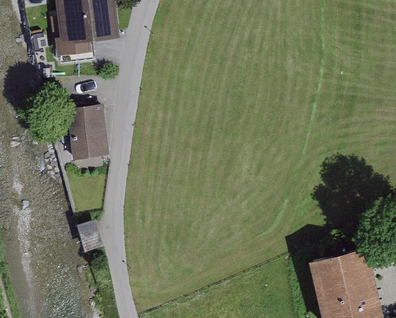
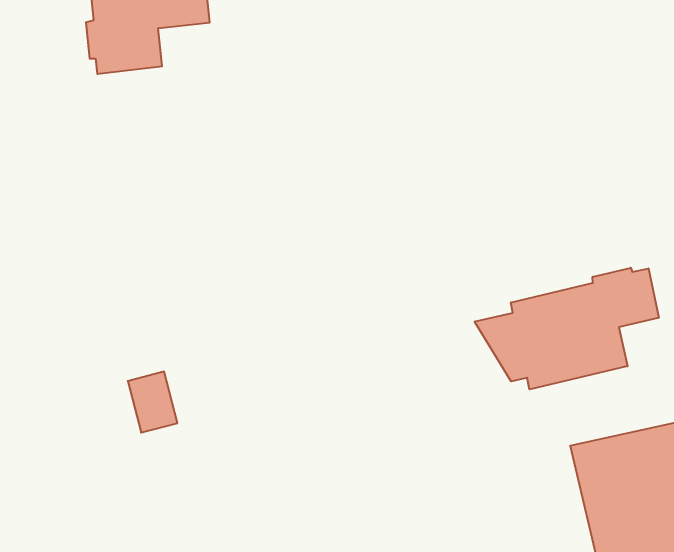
building: [66,105,108,161] -> none
building: none -> [475,268,659,389]

